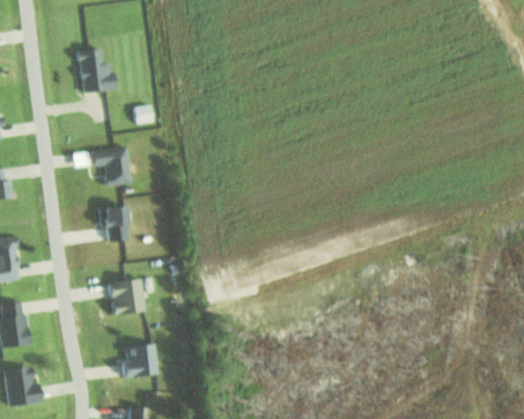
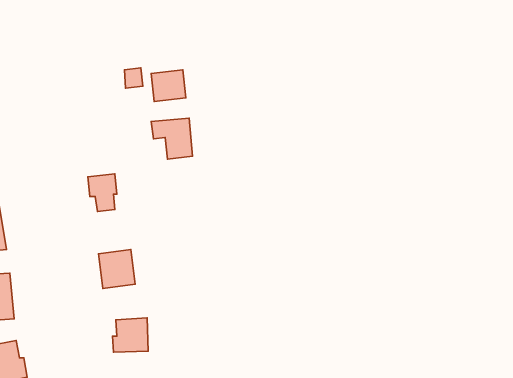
building: [78,49,114,93] -> none
building: none -> [151,70,186,101]
building: [90,147,130,186] -> [151,118,192,159]

